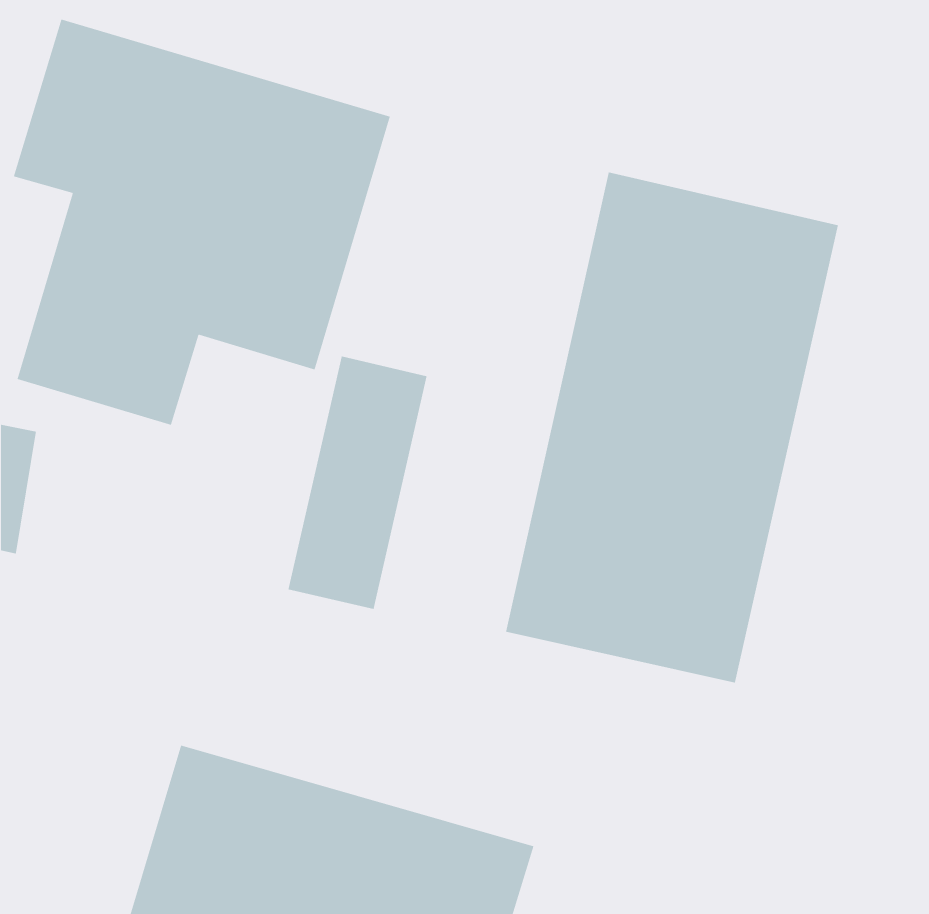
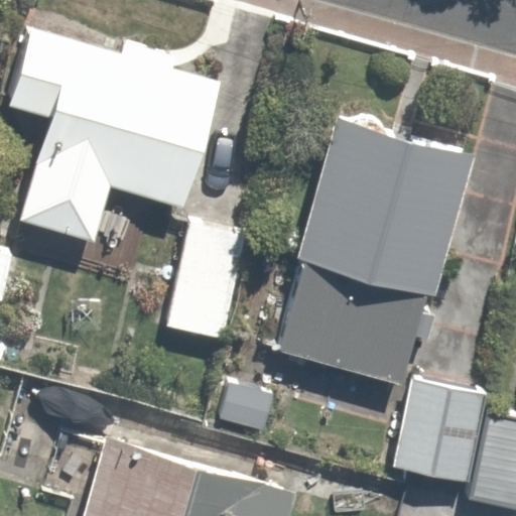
building: none -> [400,388,486,492]

